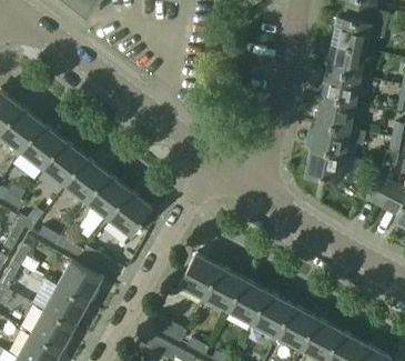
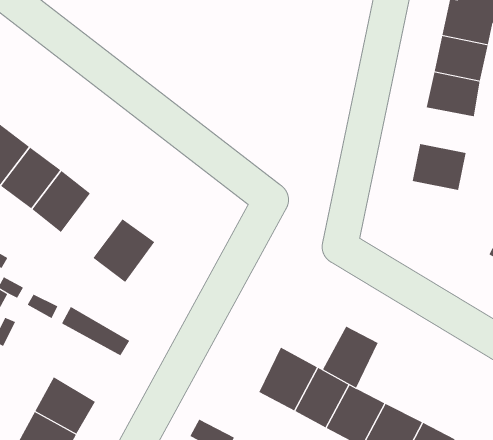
building: [316,96,355,128] -> none
building: [305,148,344,182] -> none
building: [62,157,105,202] -> none
building: [108,191,151,237] -> none
building: [178,253,217,298] -> [322,326,379,388]
building: [57,261,101,304] -> none

